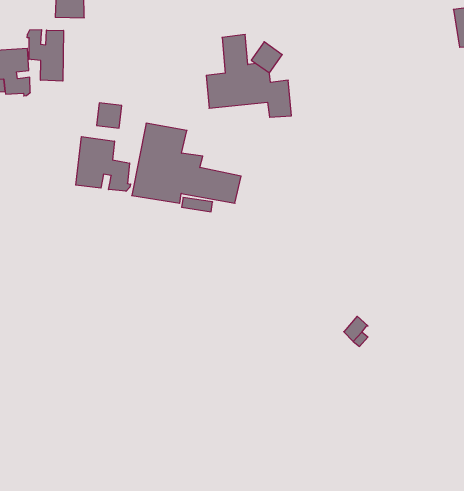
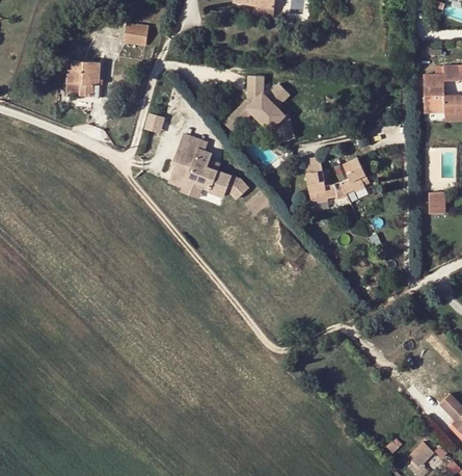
building: [27,30,63,81] -> none
building: none -> [302,157,368,203]
building: [76,137,131,191] -> none

